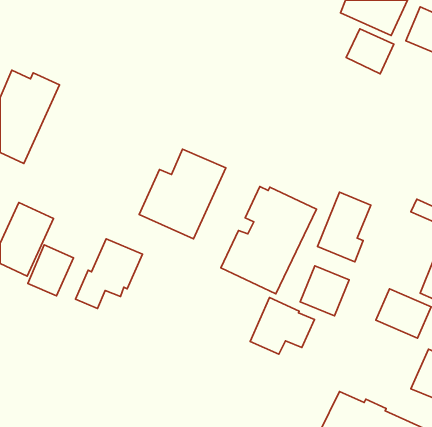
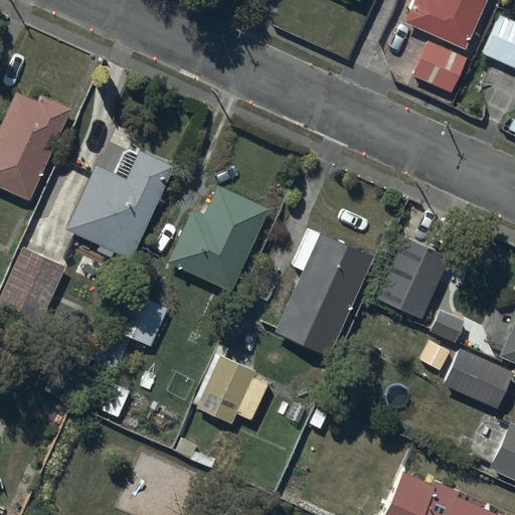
building: none -> [65,149,175,260]
building: [28,245,73,296] -> none
building: [300,266,349,316] -> none
building: [250,298,315,354] -> [197,355,274,422]

